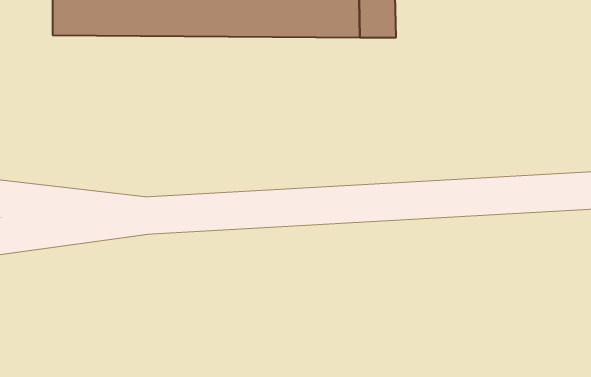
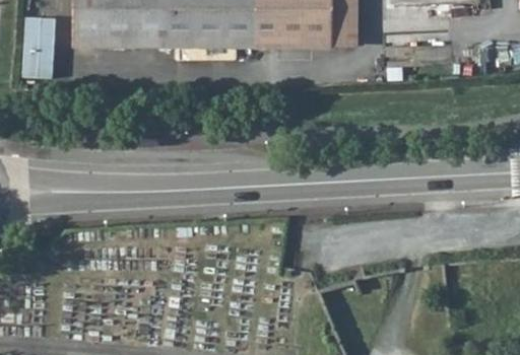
building: none -> [22,16,57,79]

